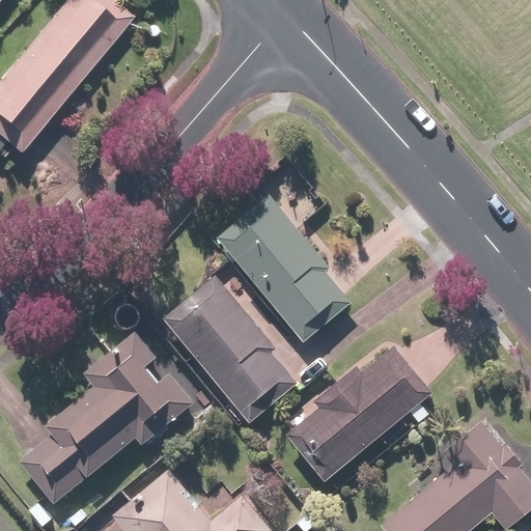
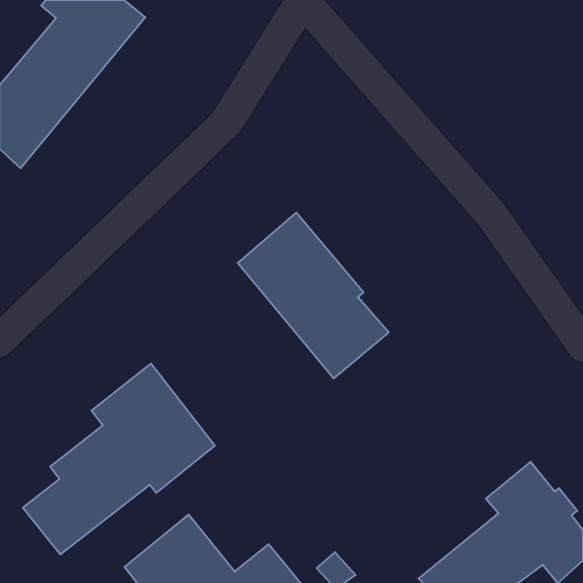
building: [165,278,297,423] -> none
building: [282,344,434,479] -> none

